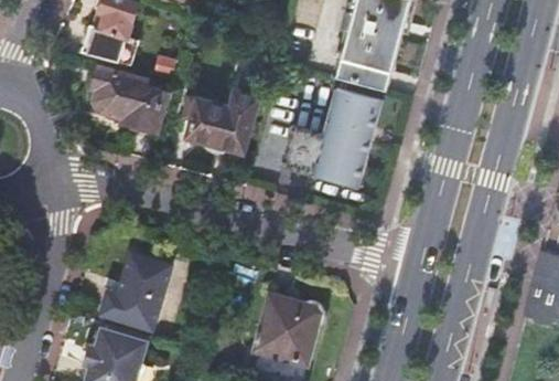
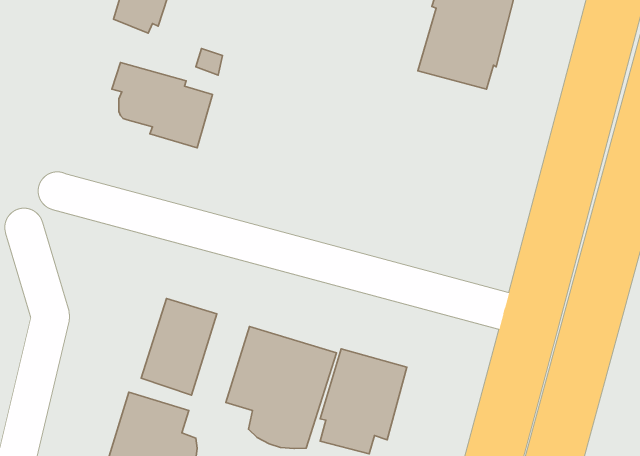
building: [287,83,387,184] -> none
building: [186,99,254,154] -> none
building: none -> [226,326,336,448]

